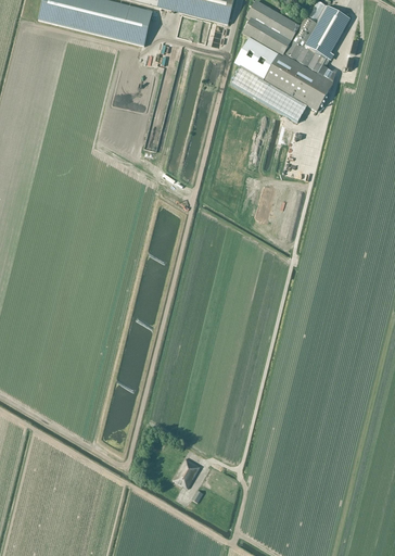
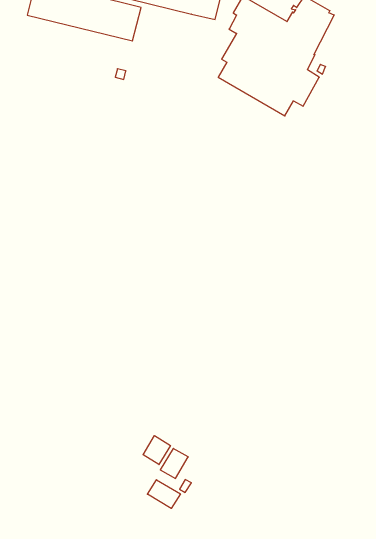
building: none -> [143,436,170,465]
building: none -> [147,480,180,508]

